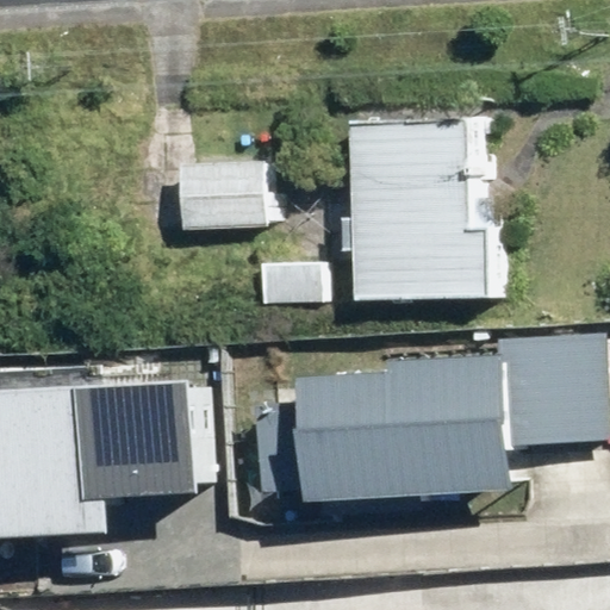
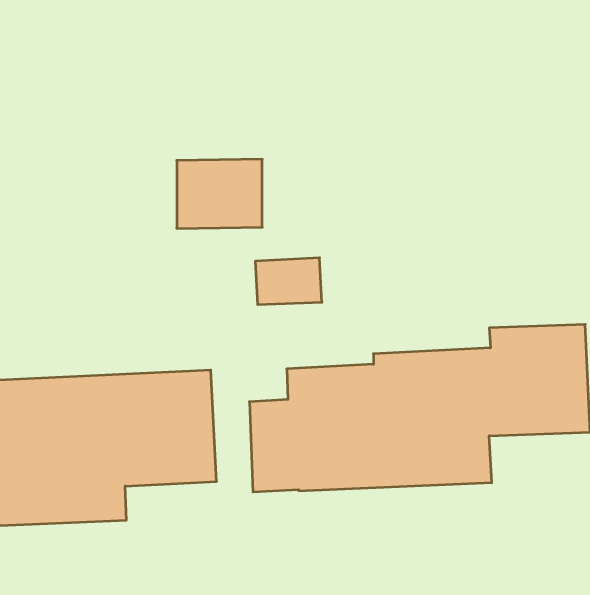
building: [354,122,493,301] -> none

